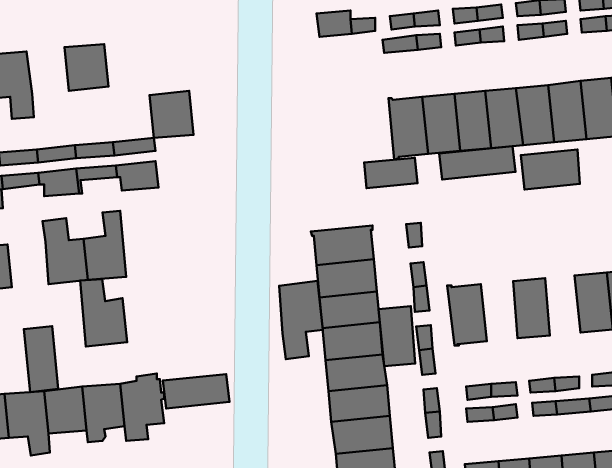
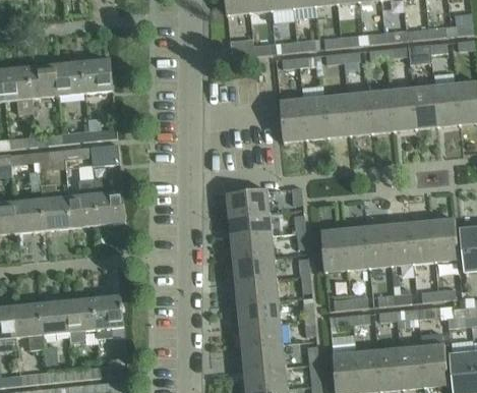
building: none -> [27,64,57,97]
building: [150,91,194,138] -> [81,59,112,92]
building: [439,146,515,179] -> none
building: [521,149,580,189] -> none
building: [364,158,418,188] -> none
building: none -> [14,200,43,231]
building: none -> [387,223,412,265]
building: [80,279,127,347] -> [93,177,125,224]
building: [279,281,323,359] -> none
building: [378,306,415,366] -> [343,227,368,269]
building: [24,326,58,392] -> none
building: [163,374,230,408] -> none

